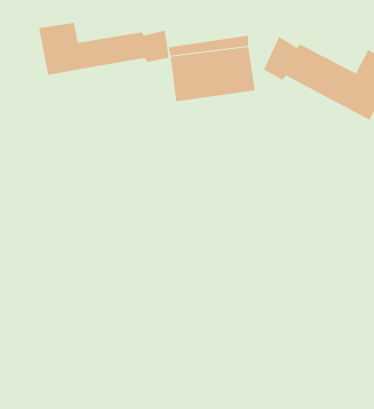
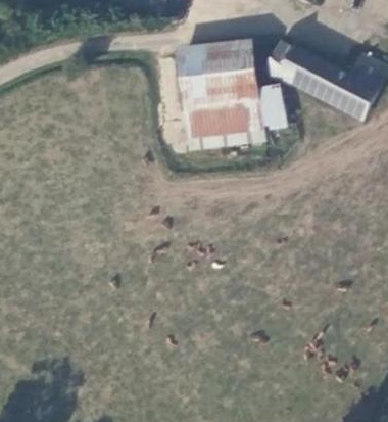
building: [38,22,169,75] -> none
building: none -> [184,86,283,137]

